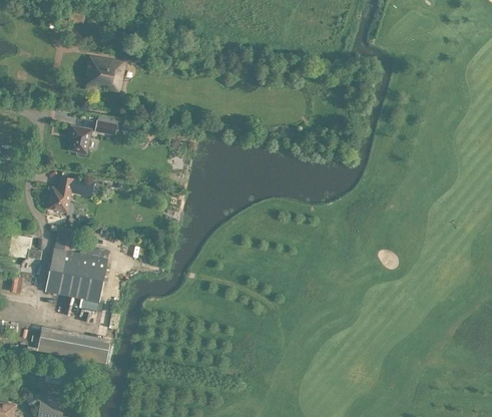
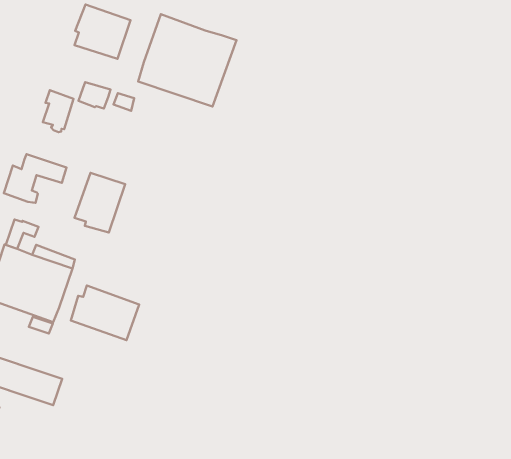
building: none -> [138,14,237,107]
building: none -> [75,173,125,233]
building: none -> [71,285,139,340]

